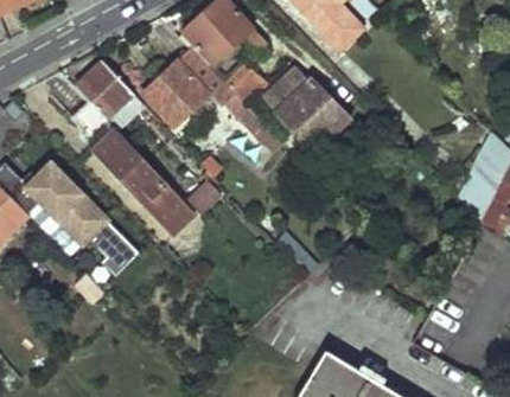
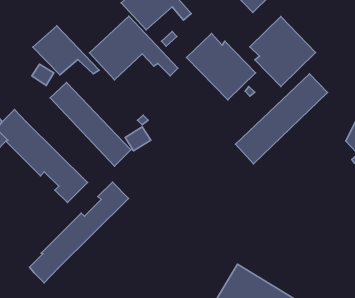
building: none -> [250,17,315,86]
building: none -> [236,74,328,164]
building: none -> [30,182,129,283]

